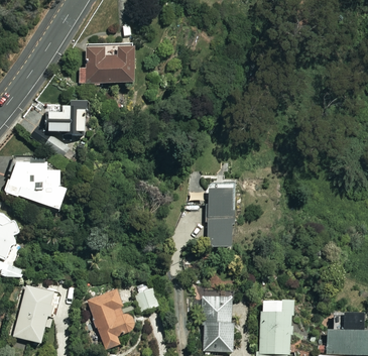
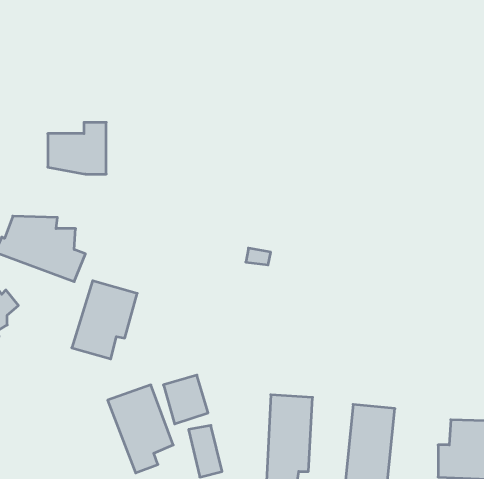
building: [77,46,134,84] -> none
building: [205,174,235,247] -> none
building: [13,285,60,342] -> [72,281,137,359]

